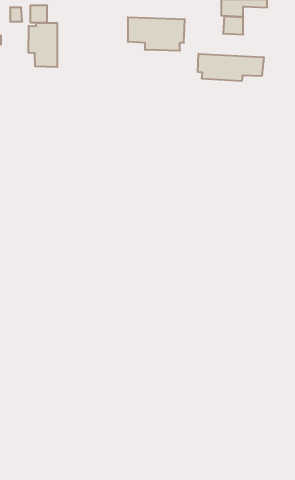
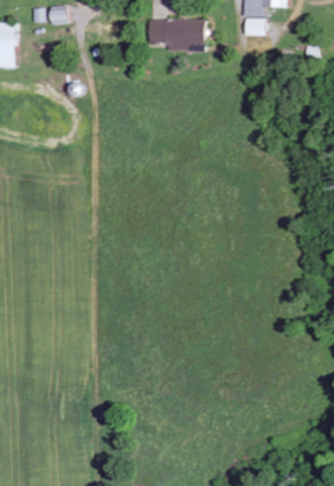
building: [29,23,57,67] -> none
building: [198,54,264,81] -> none

